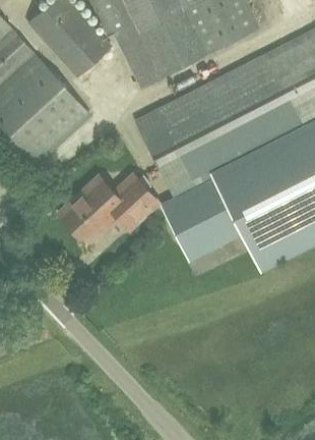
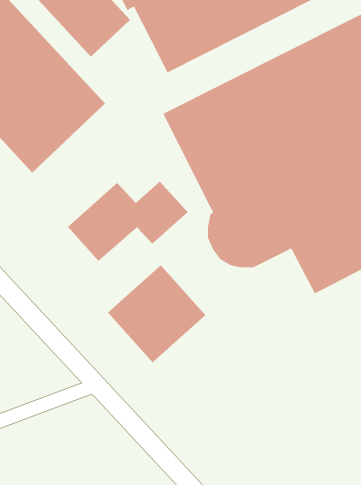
building: none -> [107,264,206,363]

